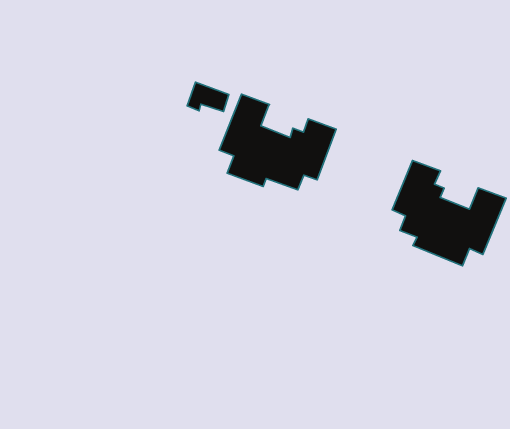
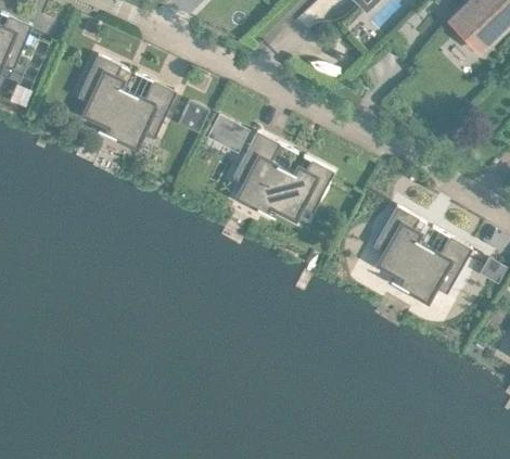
building: none -> [76,54,175,148]
building: none -> [177,100,208,132]

